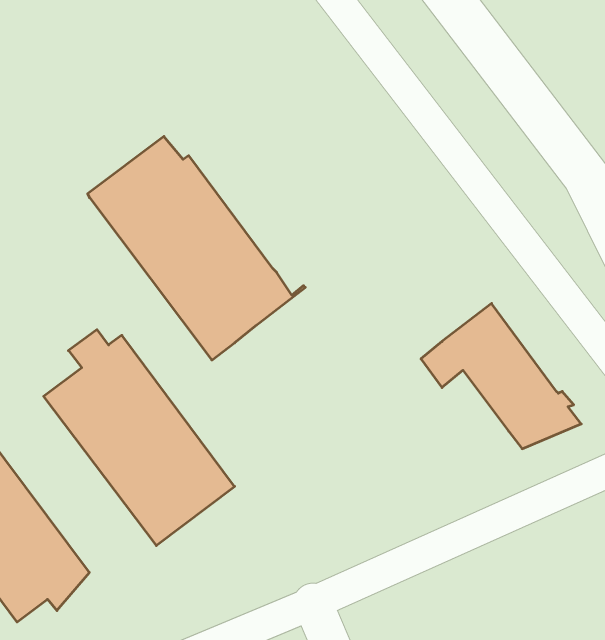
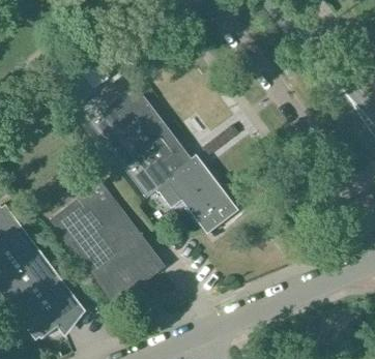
building: [421,303,581,449] -> [164,161,251,240]

